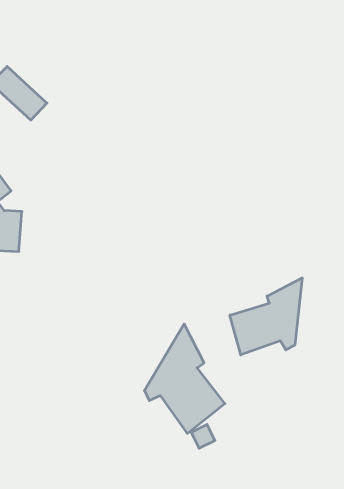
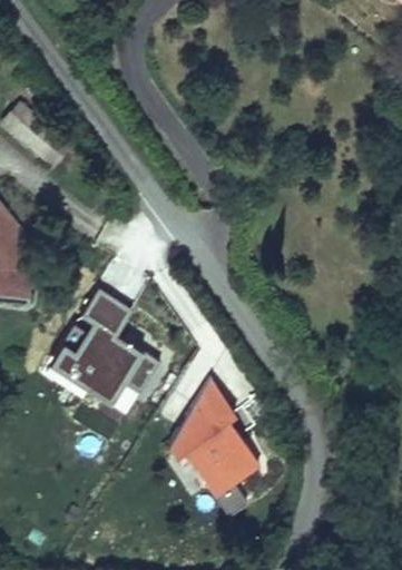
building: none -> [52,293,157,403]
building: [230,278,302,355] -> none

